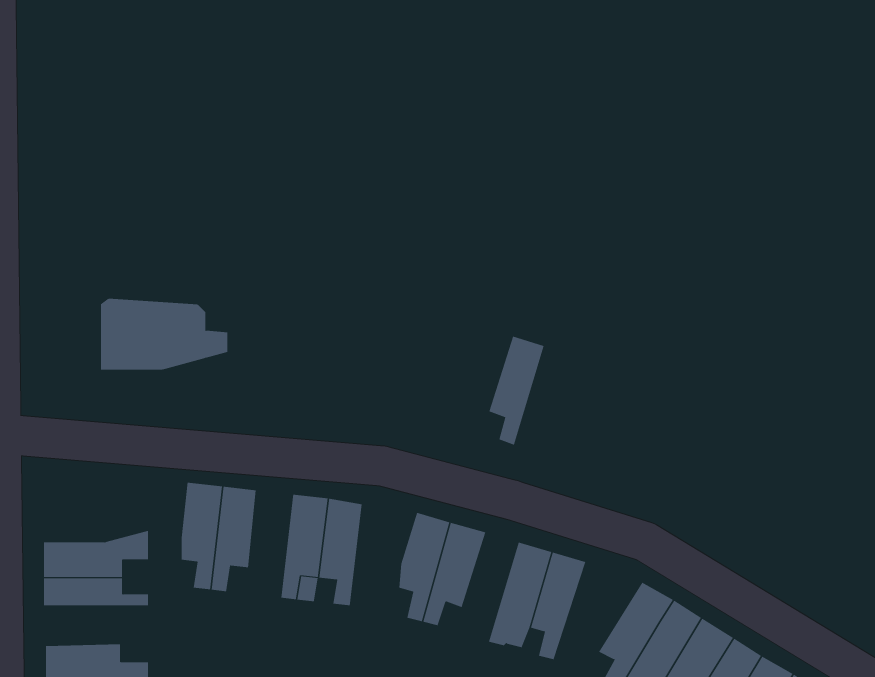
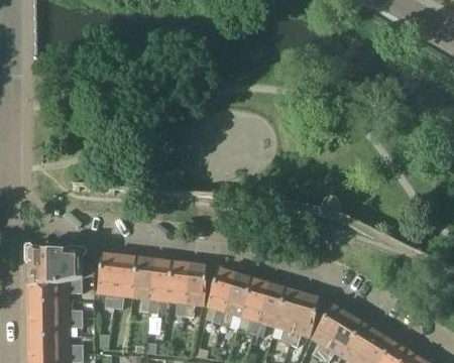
building: [100,298,228,370] -> [29,248,94,284]
building: [489,336,544,446] -> [241,279,269,335]
building: none -> [133,258,155,313]
building: none -> [185,265,209,319]
building: none -> [288,294,321,347]
building: none -> [29,317,83,337]

